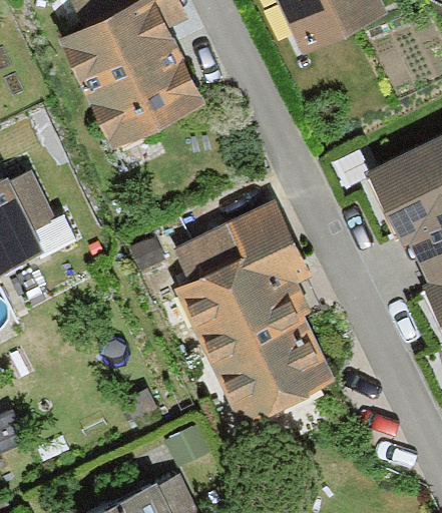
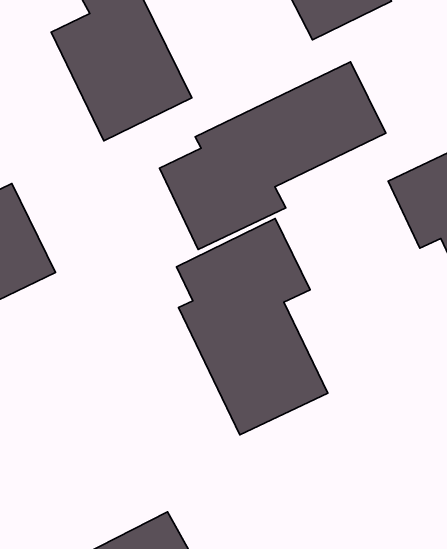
building: none -> [160,62,386,250]

